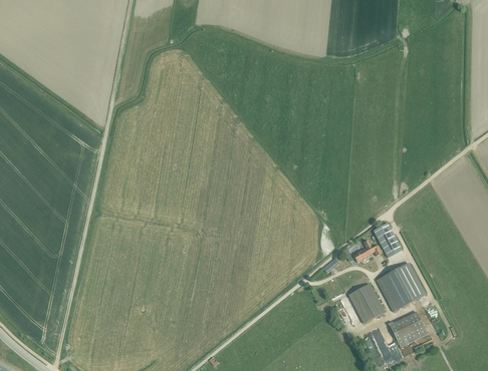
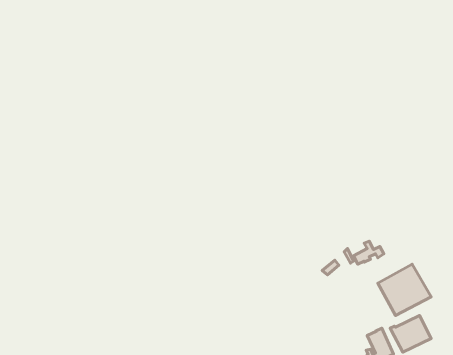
building: [372,223,401,258] -> none
building: [347,284,384,324] -> none

